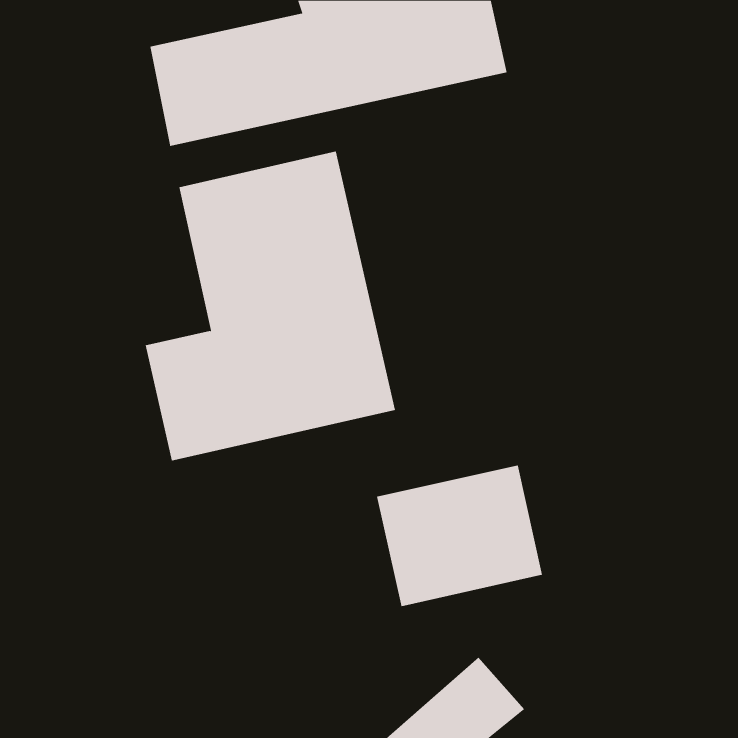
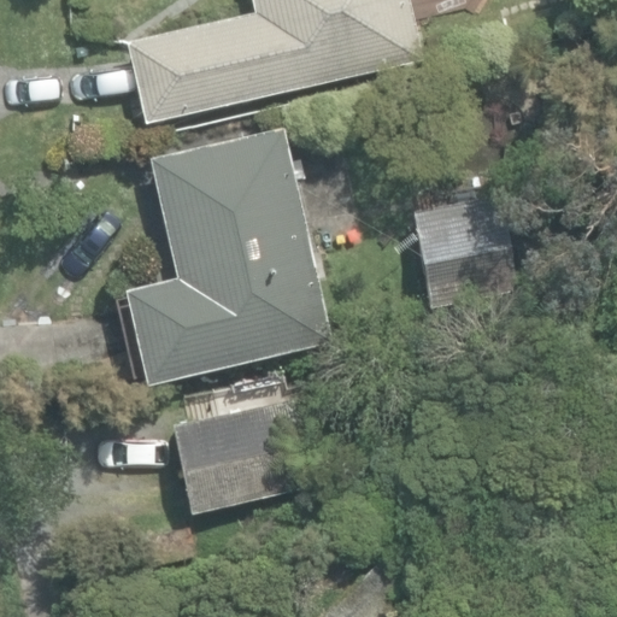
building: none -> [410,195,515,306]
building: [376,465,543,607] -> [174,395,312,513]

